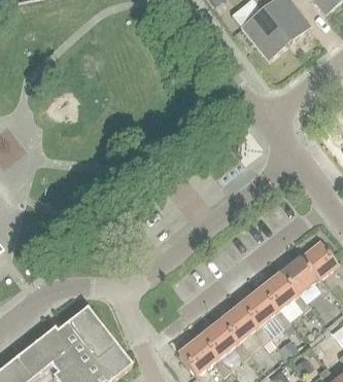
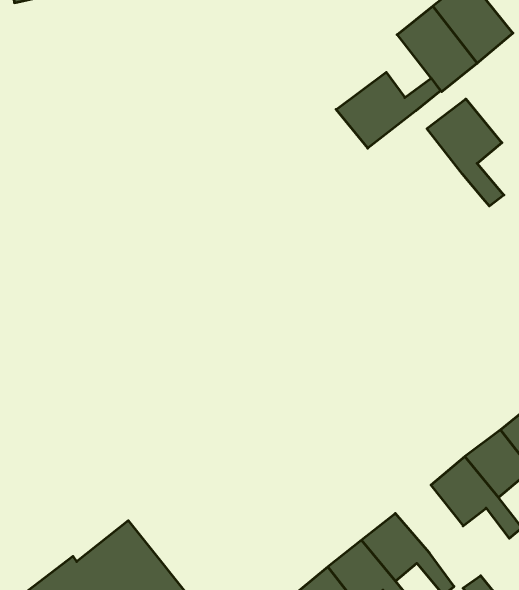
building: none -> [336,72,440,148]
building: none -> [427,99,504,206]
building: [240,287,288,328] -> none

